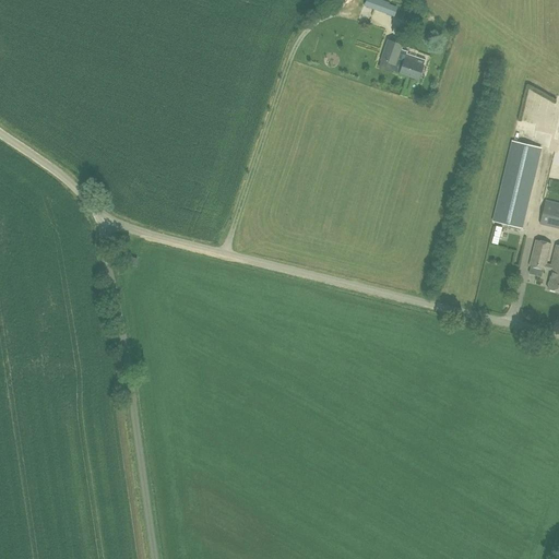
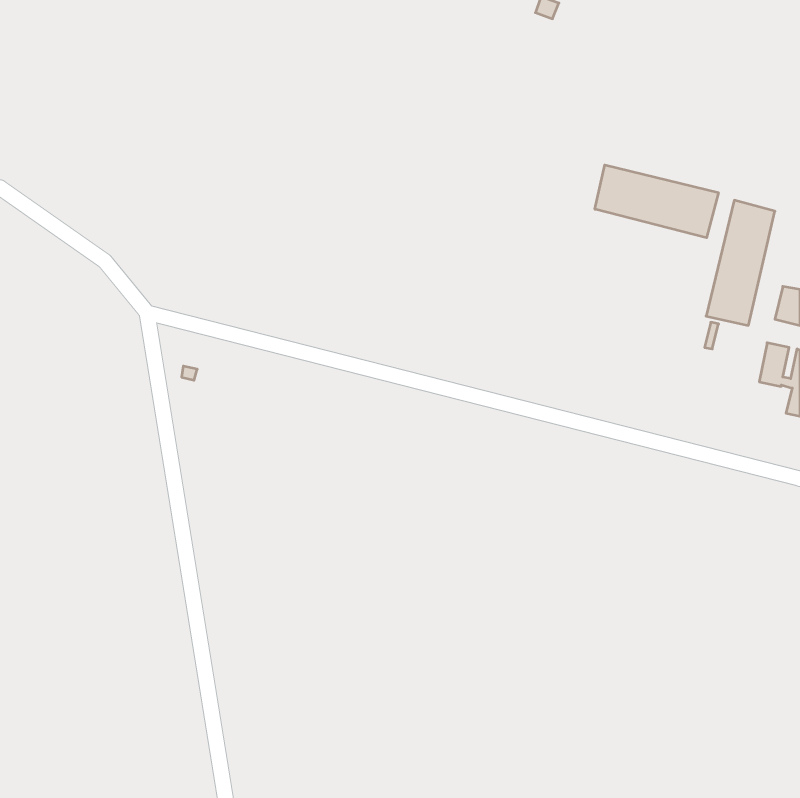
building: [381,39,425,79] -> none
building: none -> [595,165,718,238]

